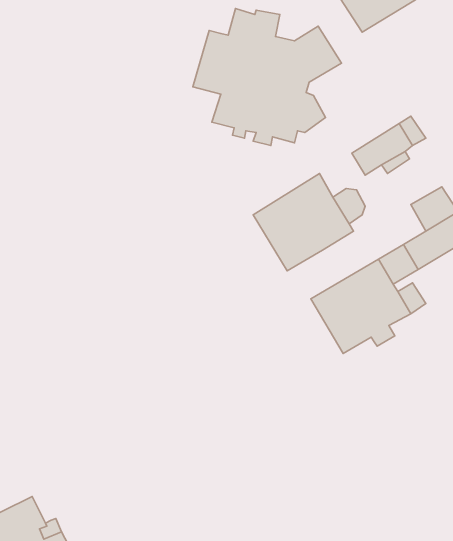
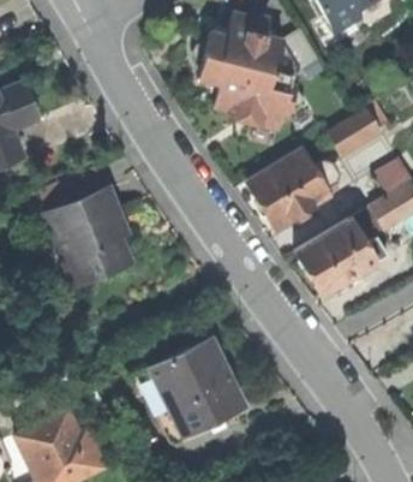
building: none -> [52,189,127,281]
building: none -> [149,338,243,436]

